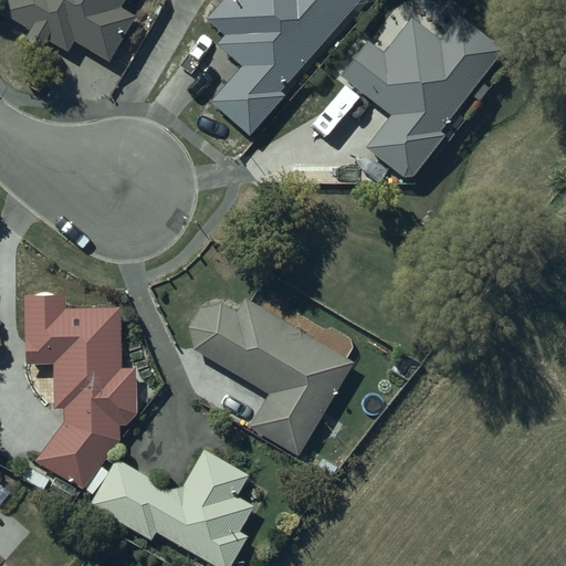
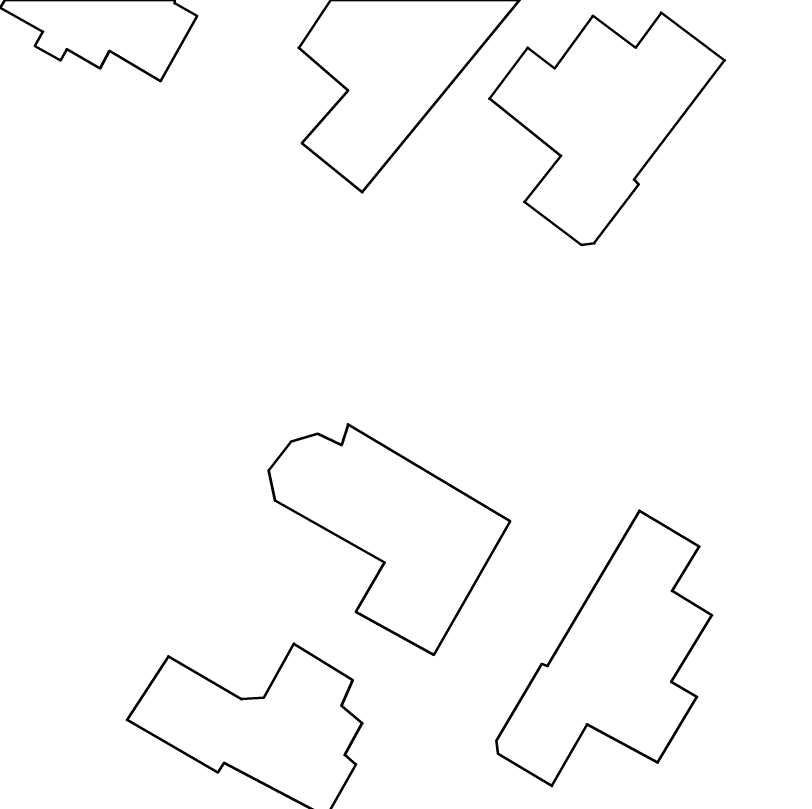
building: [22,294,138,486] -> none
building: none -> [497,511,712,786]

